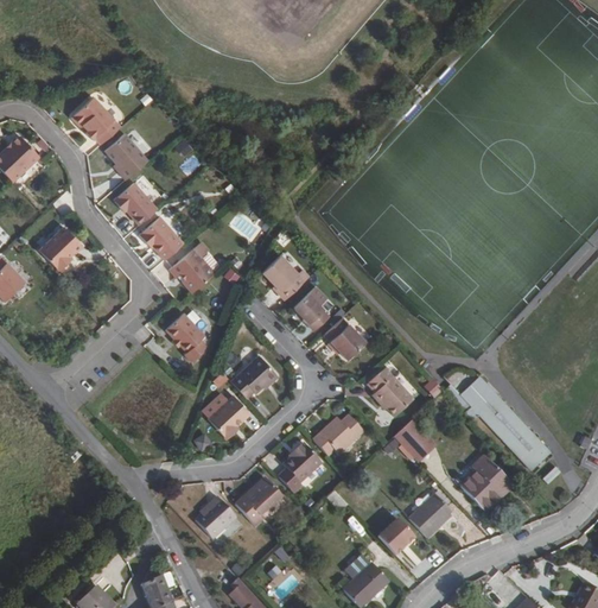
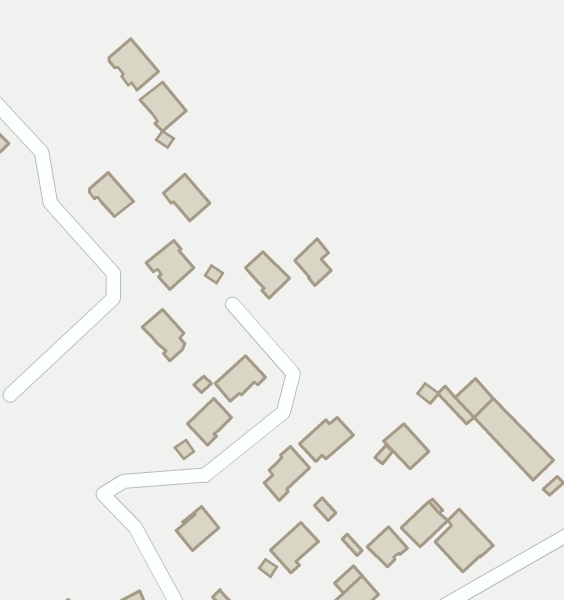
building: [74,94,120,142] -> [109,39,158,90]
building: [103,132,147,178] -> [140,82,186,131]
building: [139,215,183,259] -> [163,174,210,221]
building: [39,224,82,268] -> none
building: [294,287,329,331] -> [295,239,331,285]
building: [323,318,364,360] -> none
building: [367,368,413,417] -> none
building: [457,450,511,509] -> [435,509,493,572]
building: [237,479,282,526] -> [271,523,318,573]

